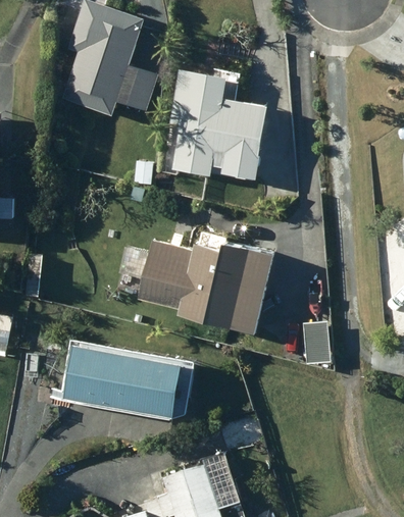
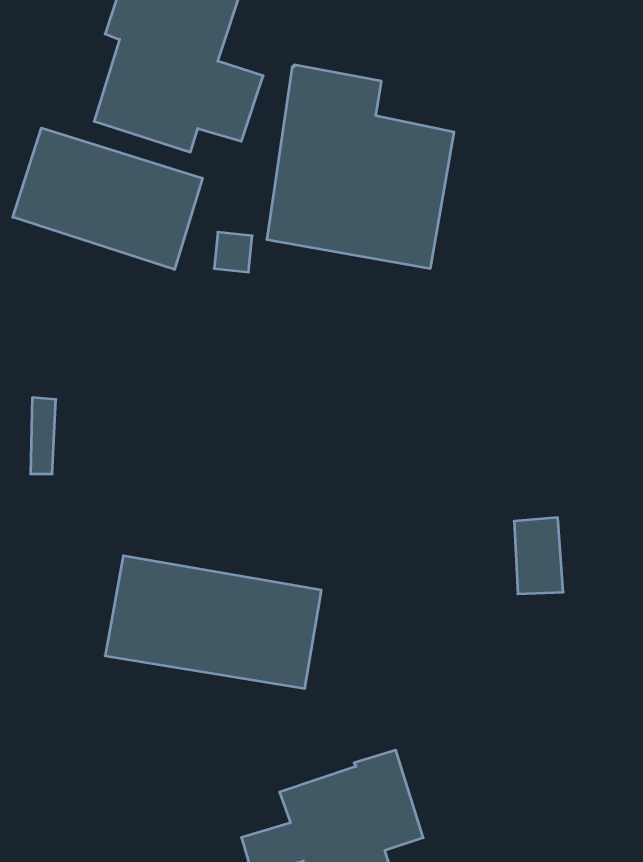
building: none -> [13,128,202,270]
building: [138,241,279,333] -> none

